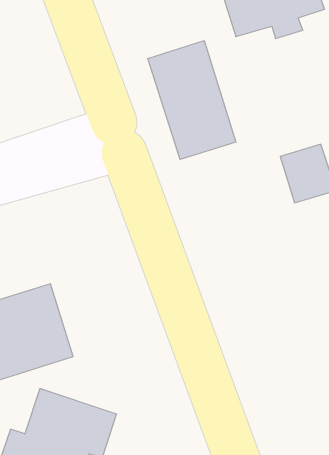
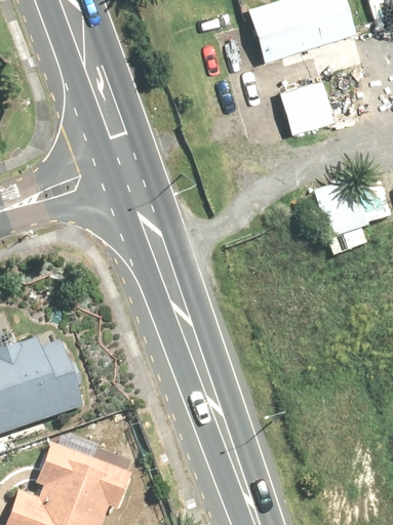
building: [148,41,236,160] -> none
building: none -> [280,79,338,135]

